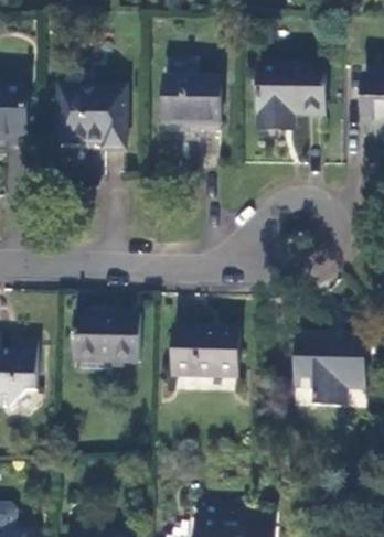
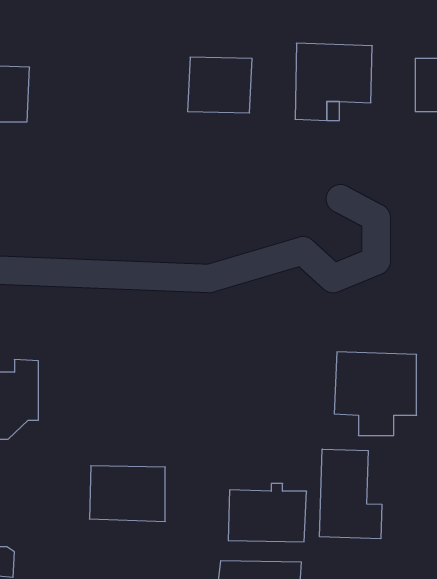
building: [60,88,127,151] -> none
building: [70,314,136,363] -> [89,466,165,521]
building: [170,327,238,378] -> [228,484,307,542]
building: none -> [320,449,382,539]

